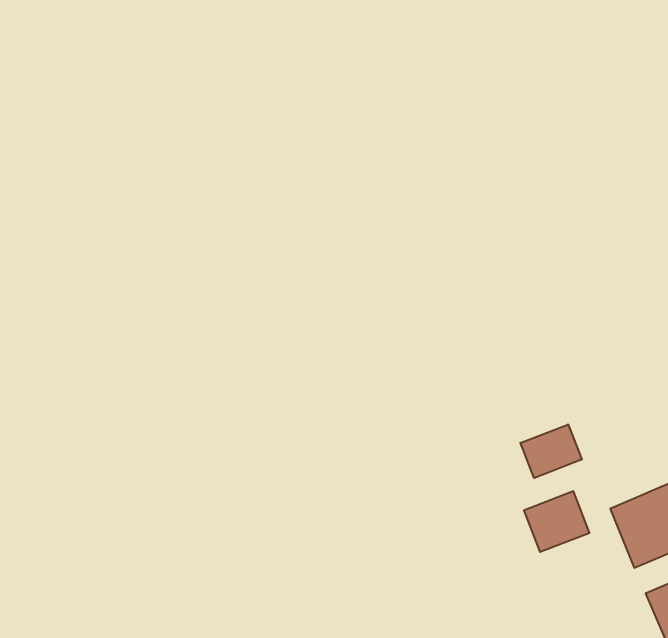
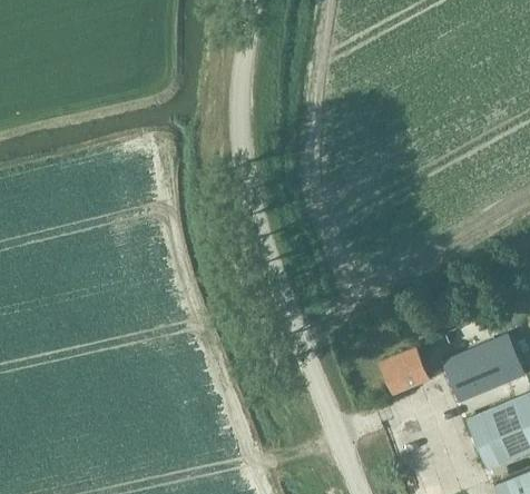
building: [520,424,582,478] -> none

